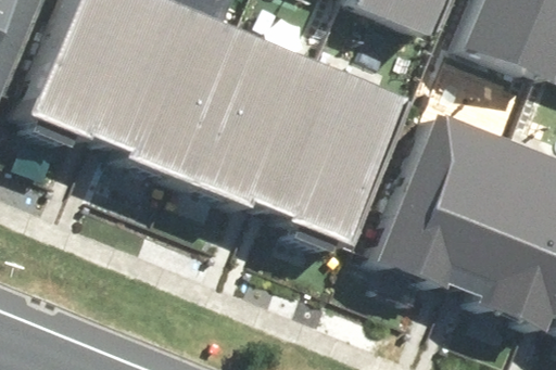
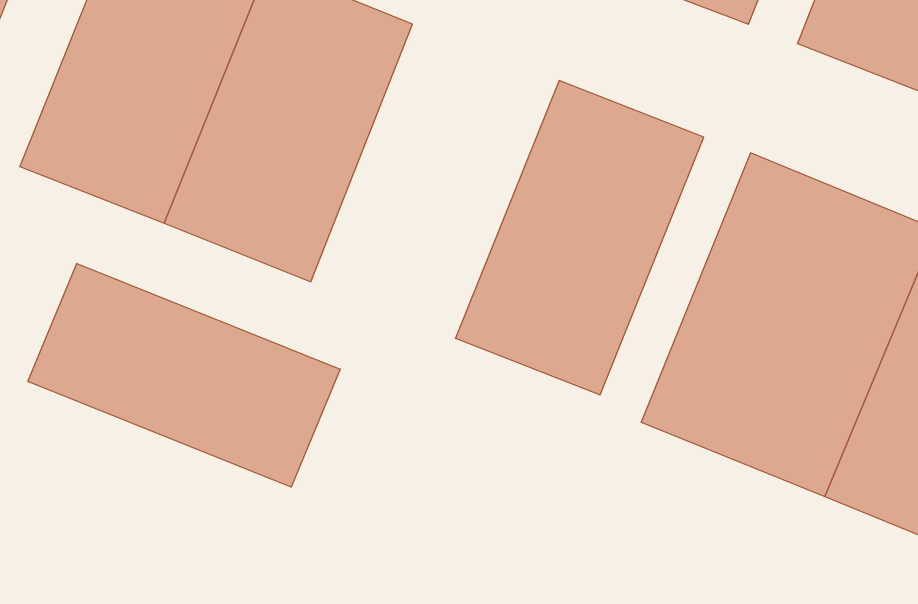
building: [191,37,329,212] -> none
building: none -> [28,263,340,487]

